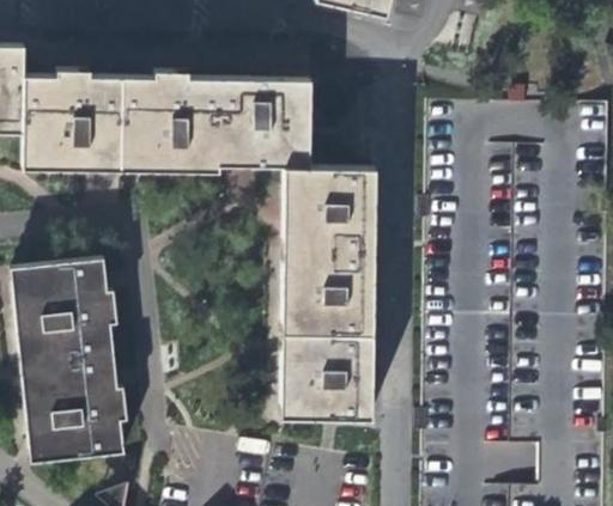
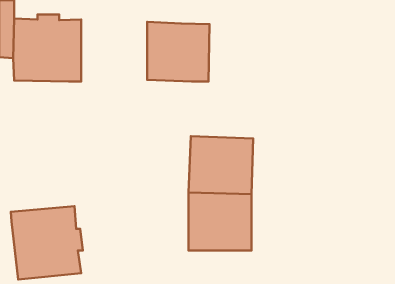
building: [122,69,220,173] -> none
building: [285,167,378,252] -> none
building: [8,258,115,361] -> none

